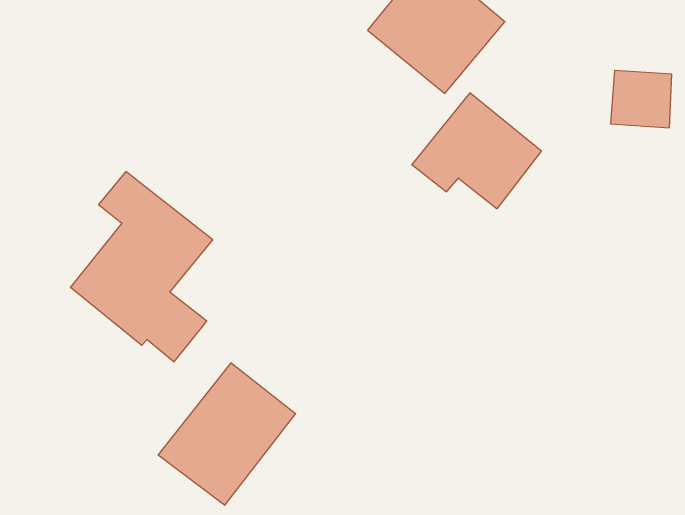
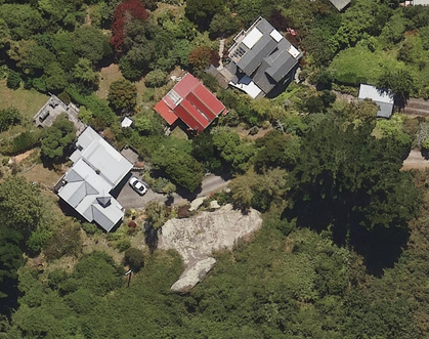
building: [412,93,541,209] -> [153,71,225,136]
building: [158,363,296,505] -> none

